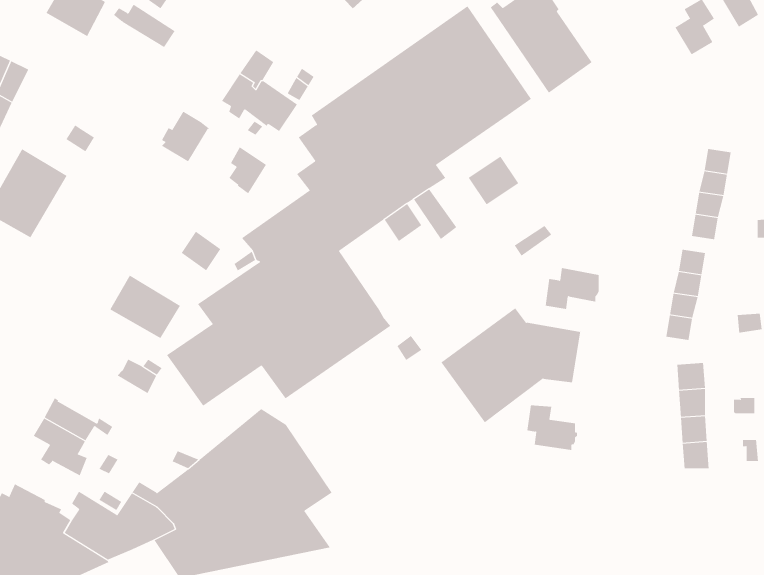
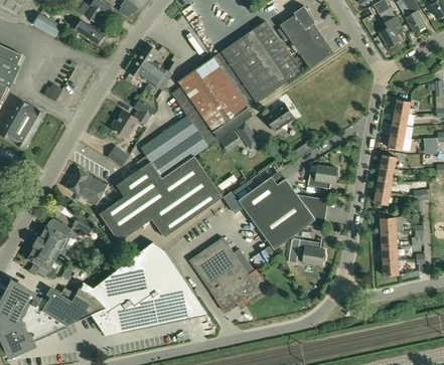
building: [161,111,210,162] -> [111,109,138,137]
building: none -> [238,176,291,216]
building: none -> [37,217,71,249]
building: none -> [188,236,268,311]

